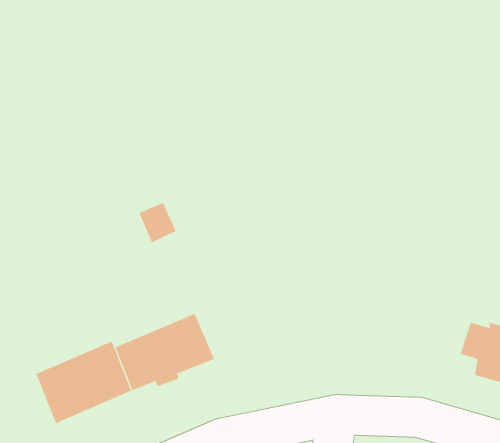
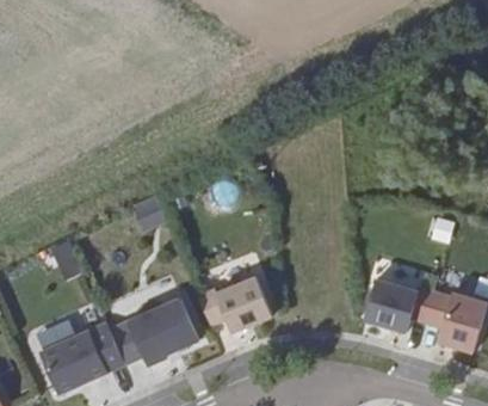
building: none -> [205,260,284,326]
building: none -> [369,278,440,333]

